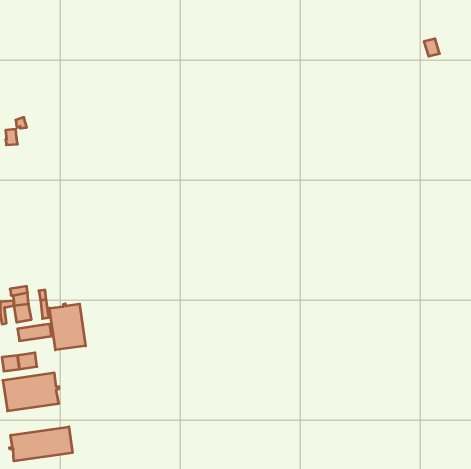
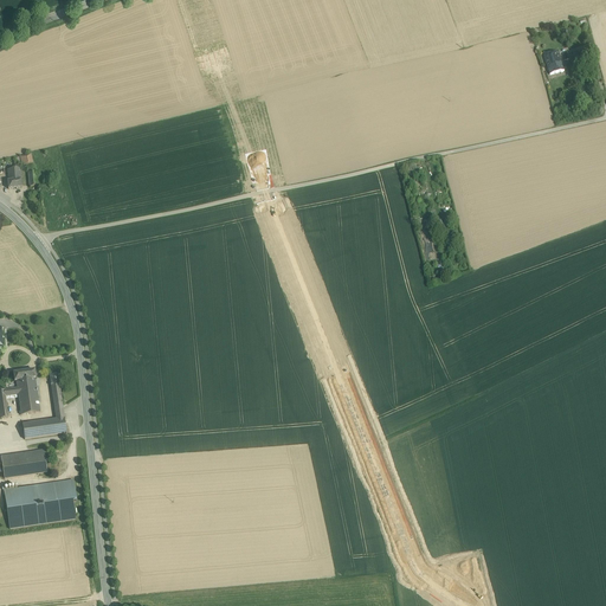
building: [49,304,86,350] -> none
building: [9,427,72,461] -> none

